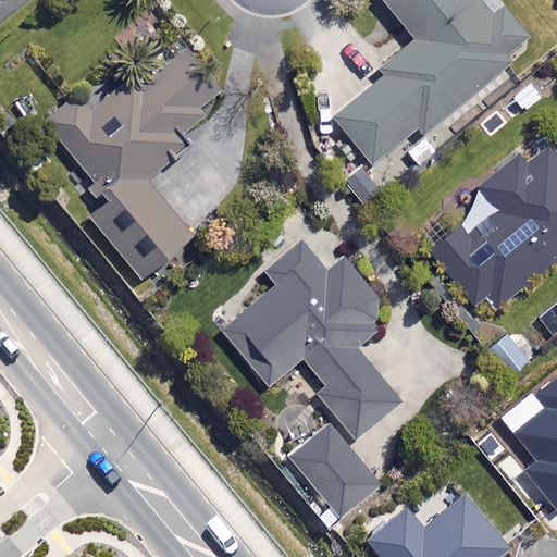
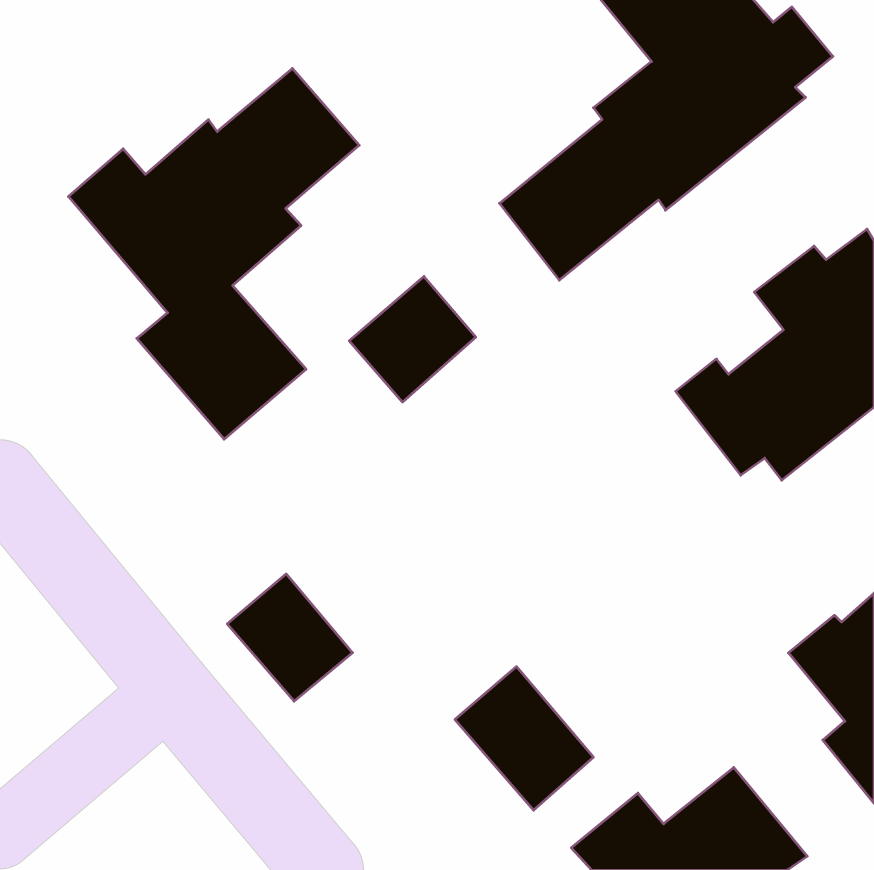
building: none -> [349,276,476,402]
building: [223,240,401,441] -> none
building: none -> [227,574,353,701]

